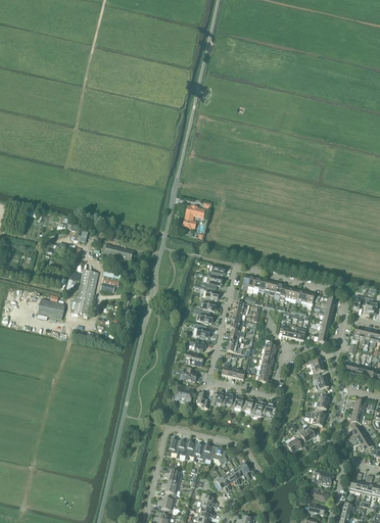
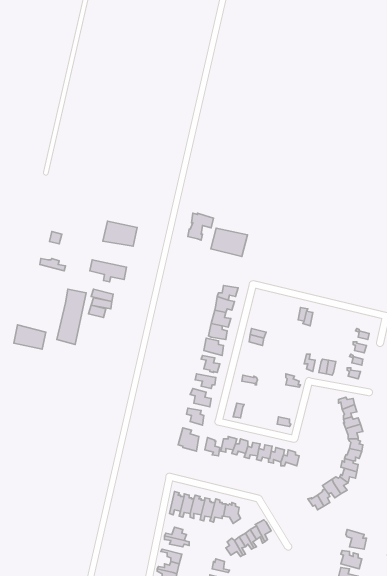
building: none -> [103,221,137,246]
building: none -> [211,228,248,257]

